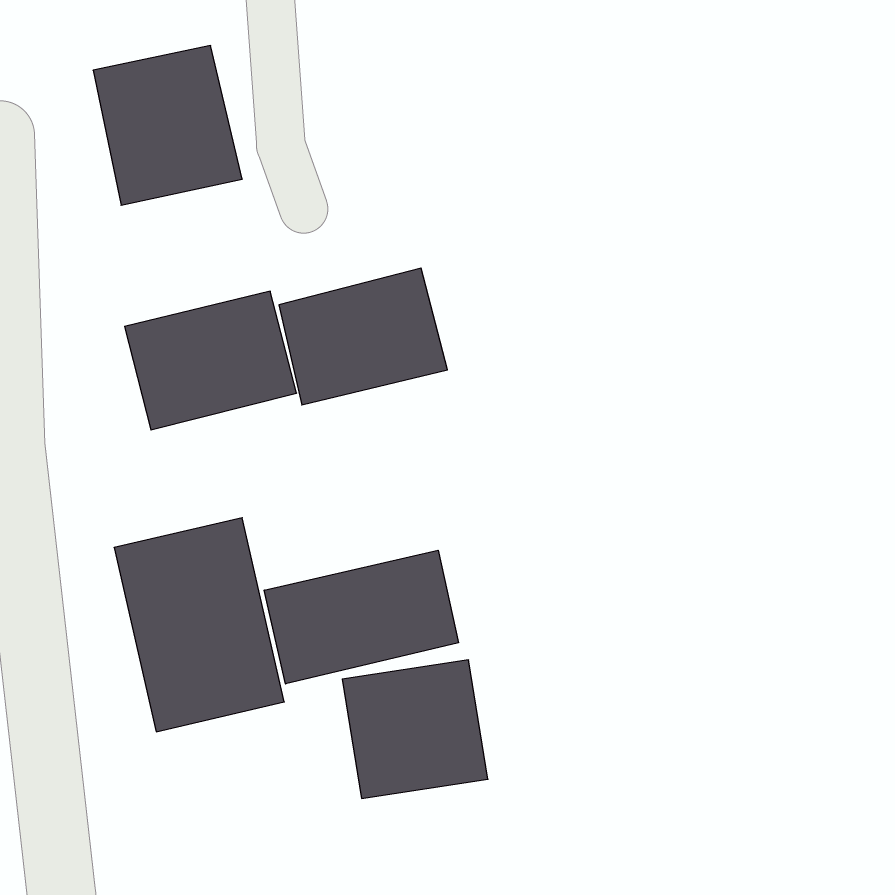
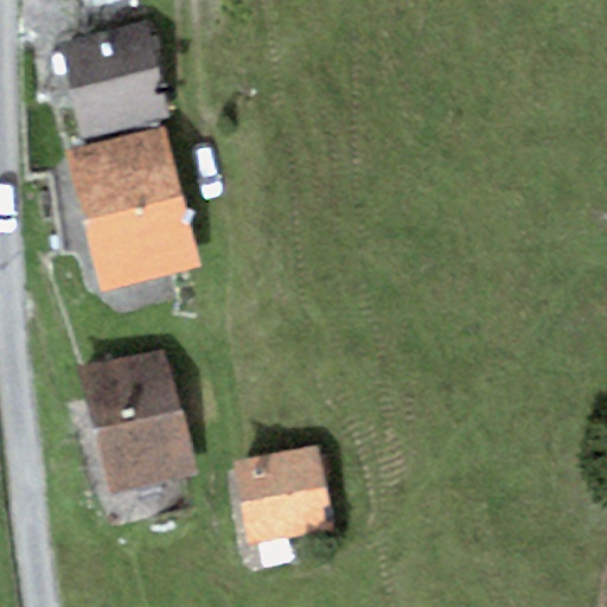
building: [279,268,447,405] -> [70,128,184,221]
building: [264,550,458,684] -> none

